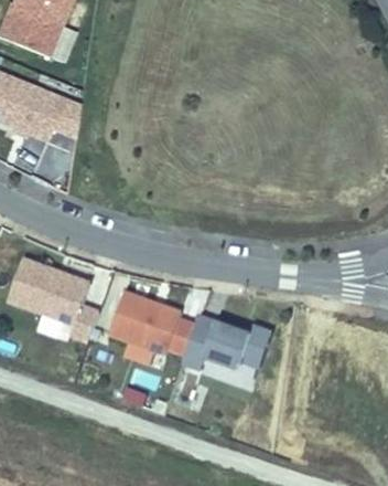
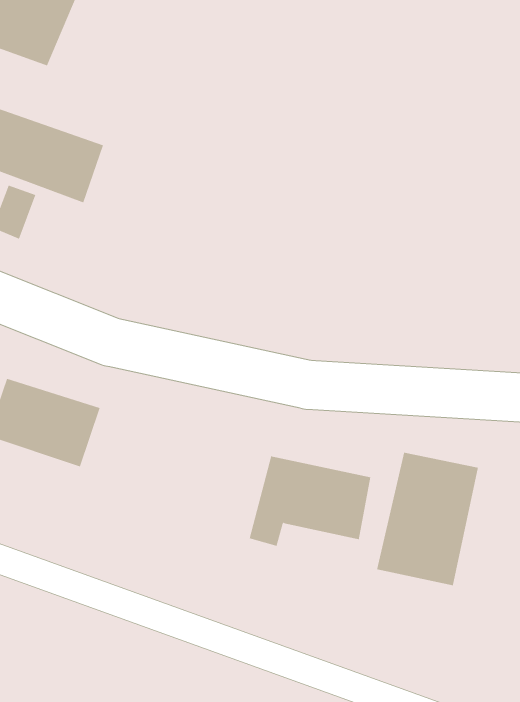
building: [108,289,187,350] -> none
building: none -> [377,452,479,586]

